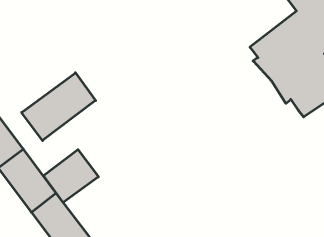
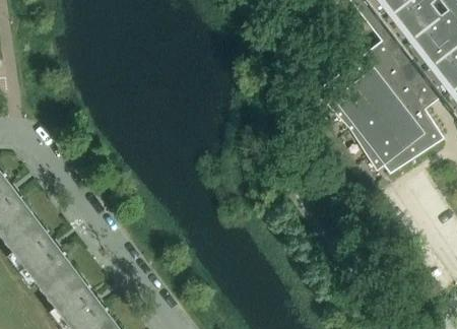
building: [22,73,96,141] -> none
building: [44,150,98,203] -> none

